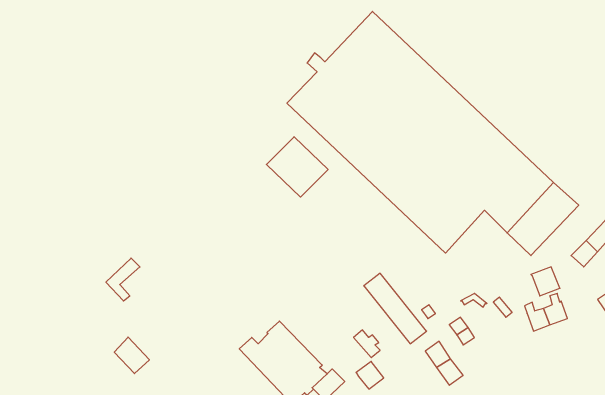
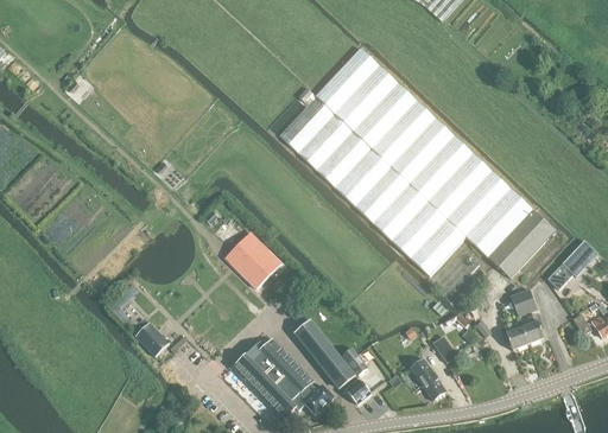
building: [266,137,328,197] -> [224,231,283,288]
building: [364,273,427,344] -> [294,320,354,387]
building: [114,337,149,374] -> [135,321,169,356]

